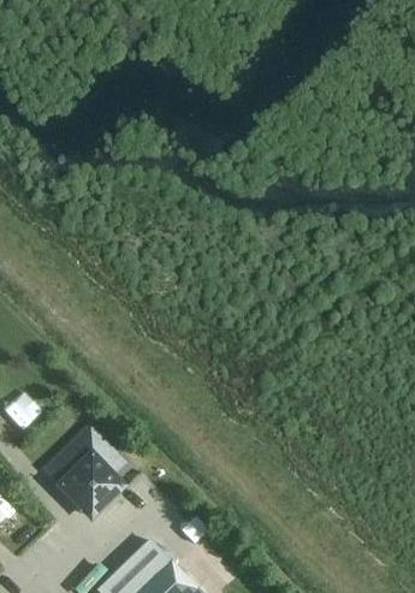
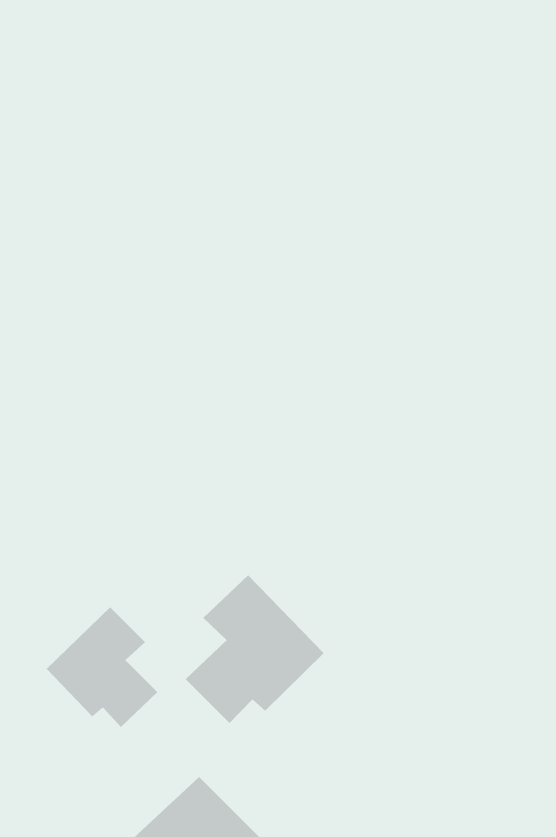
building: none -> [185,575,325,724]

